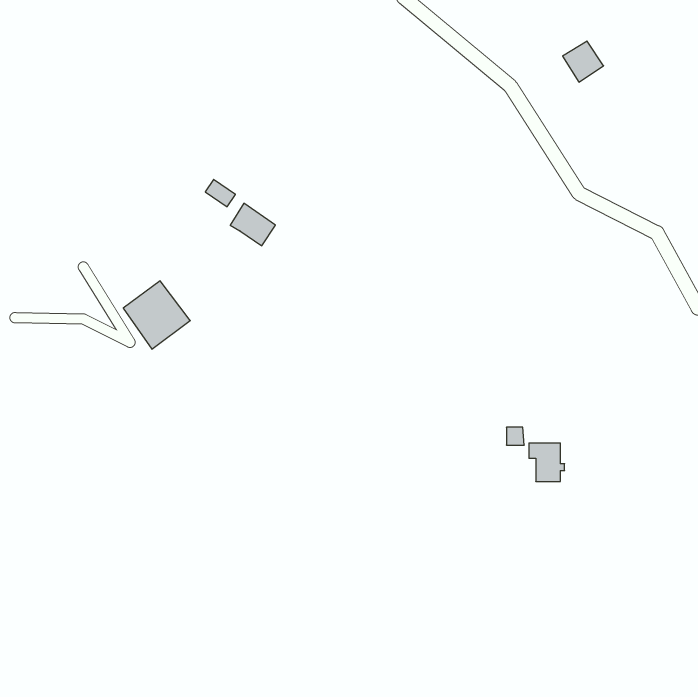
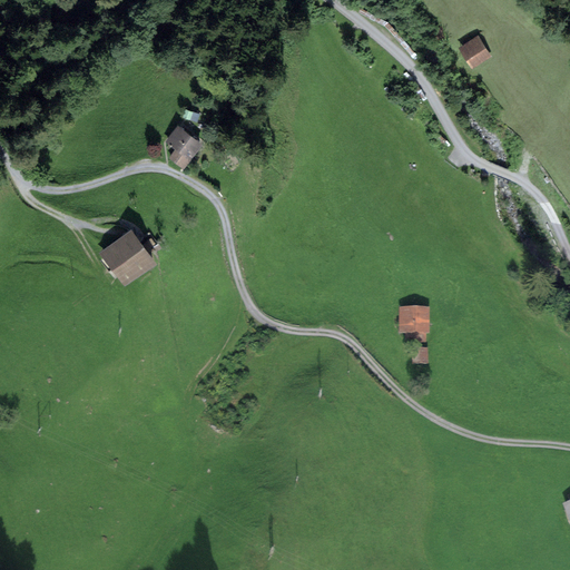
building: [230,203,275,246] -> [166,124,203,158]
building: [529,443,565,481] -> [399,308,428,340]

